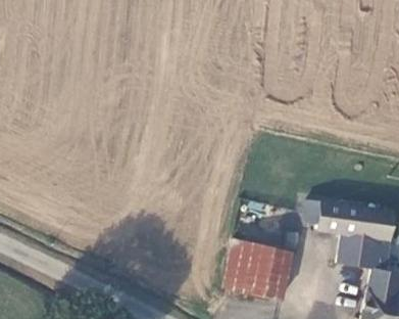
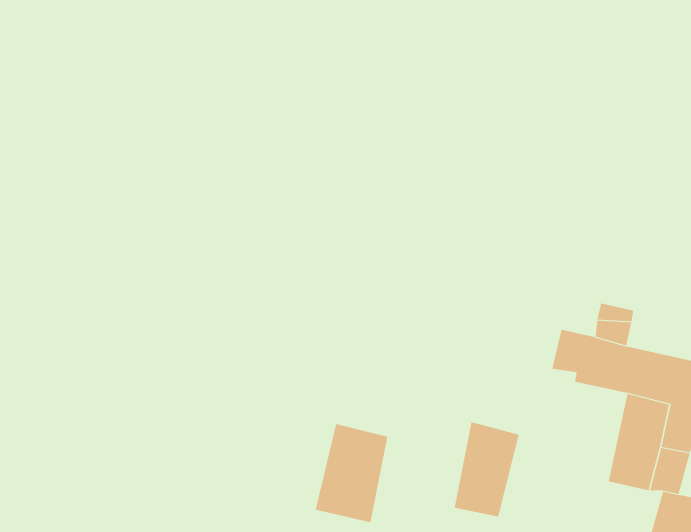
building: [226,243,265,298] -> [315,423,388,523]

